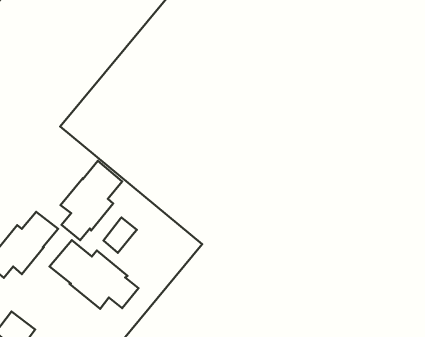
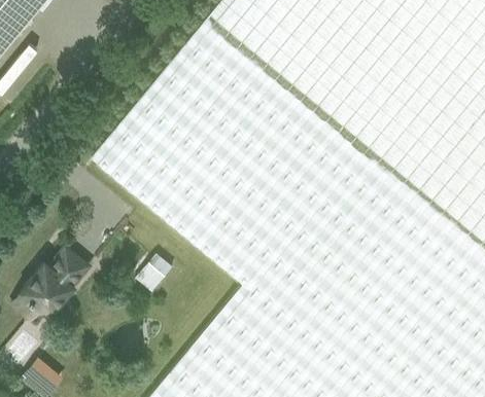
building: [61,161,122,240] -> none
building: [50,240,139,309] -> none

